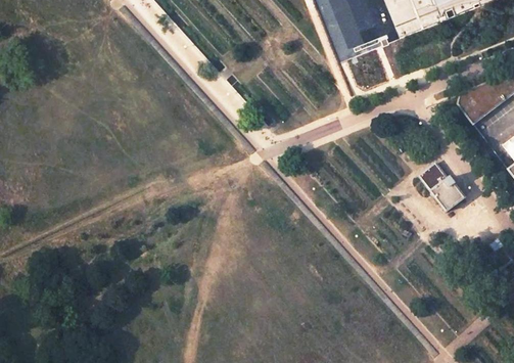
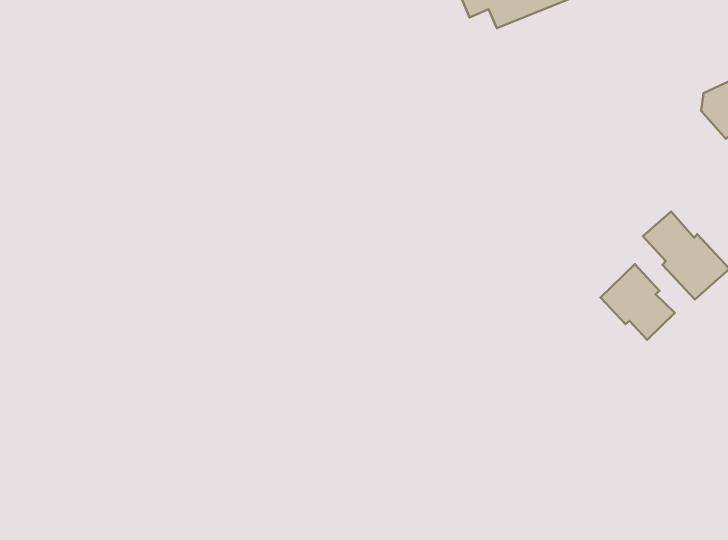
building: none -> [601,264,675,340]

